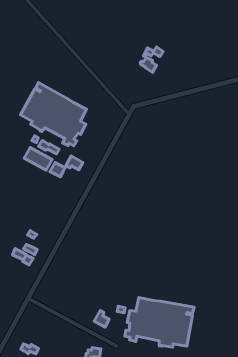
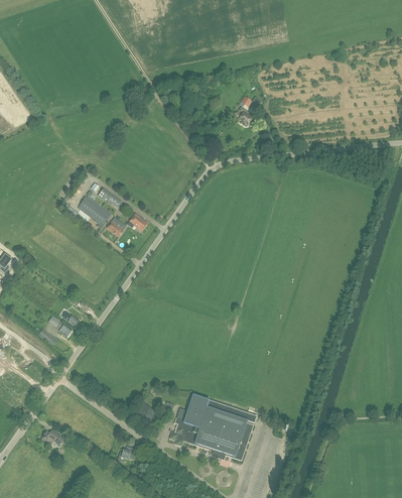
building: [21,82,87,146] -> none

